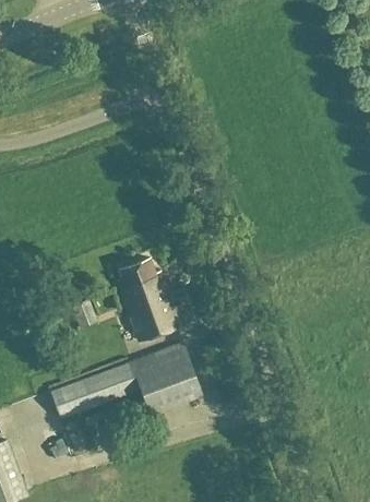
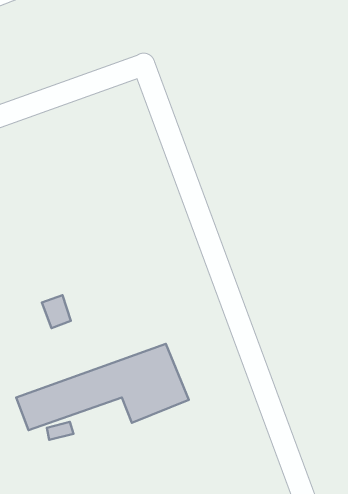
building: [118,258,192,340] -> none

